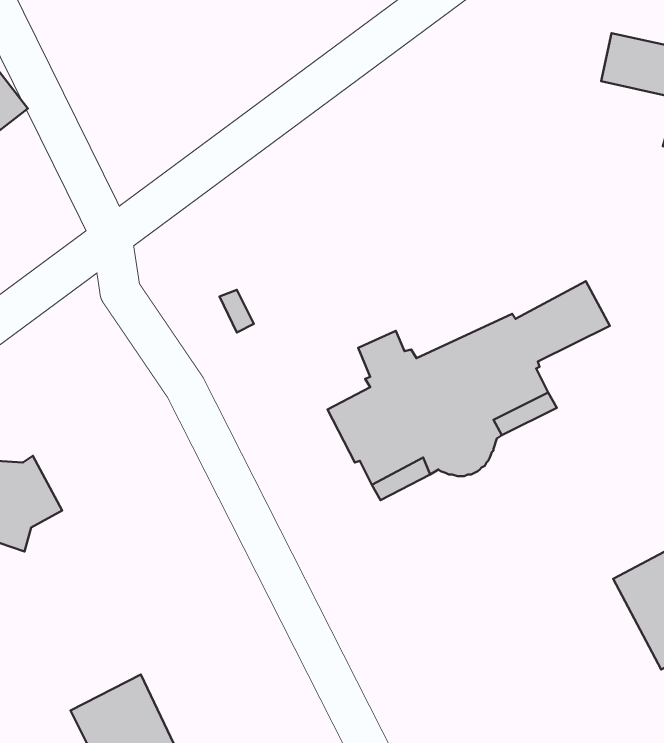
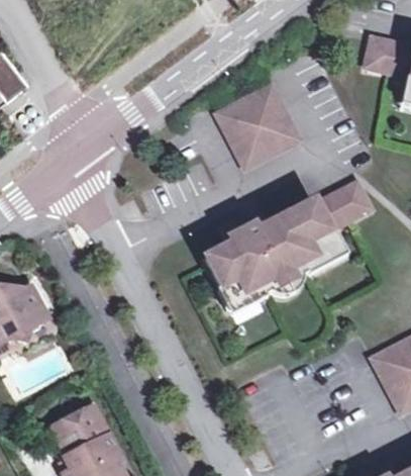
building: none -> [215,85,297,167]

